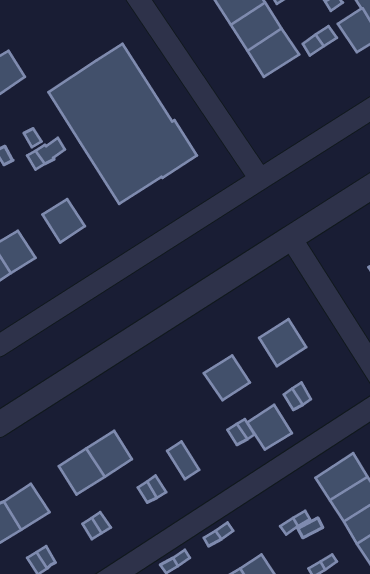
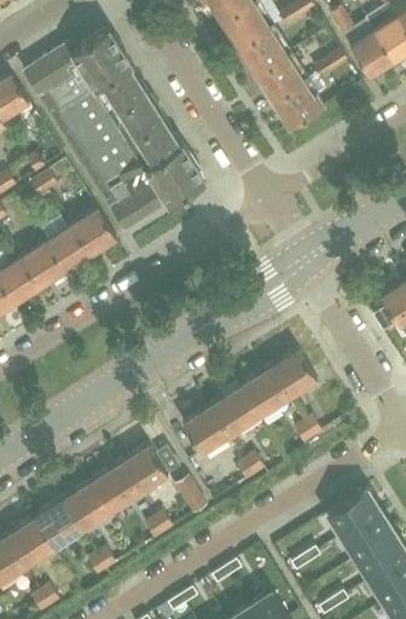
building: none -> [23,29,132,117]
building: none -> [273,79,323,128]
building: none -> [71,210,116,255]
building: none -> [21,243,64,288]
building: none -> [182,406,231,453]
building: [247,405,292,449] -> [240,370,286,416]
building: none -> [120,446,167,494]
building: none -> [34,502,81,549]

